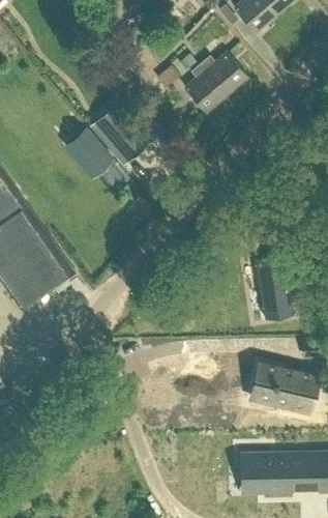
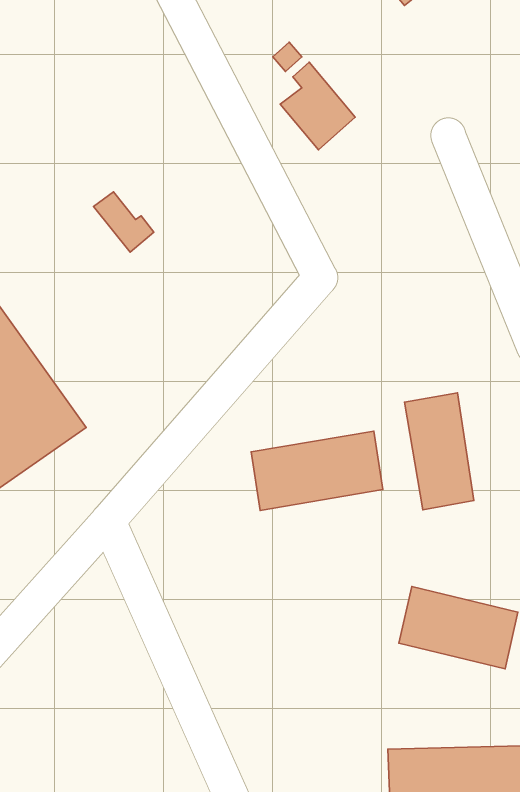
building: [200,53,247,95] -> none
building: [90,103,153,168] -> none
building: none -> [251,431,383,510]

